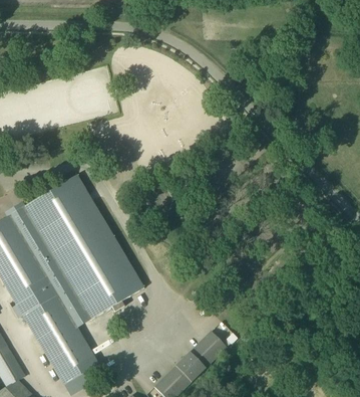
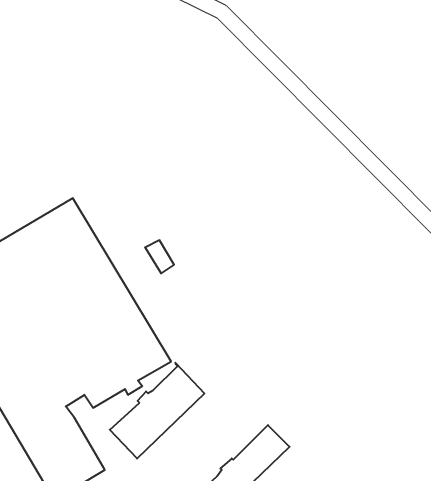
building: none -> [110,363,204,459]

